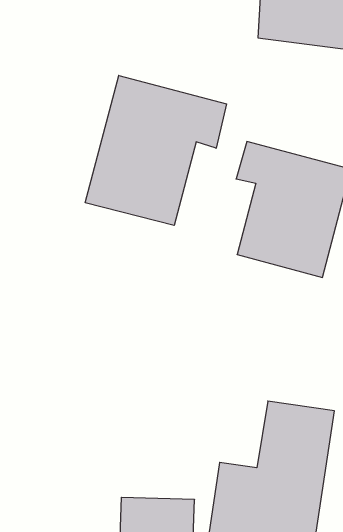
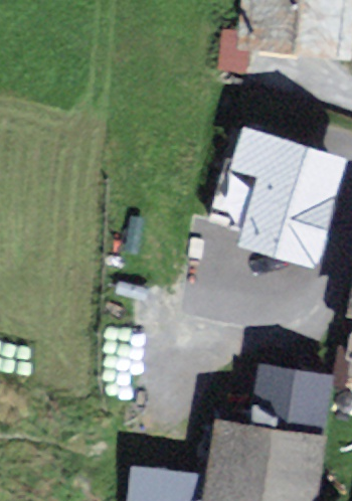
building: [85,75,227,225] -> none

